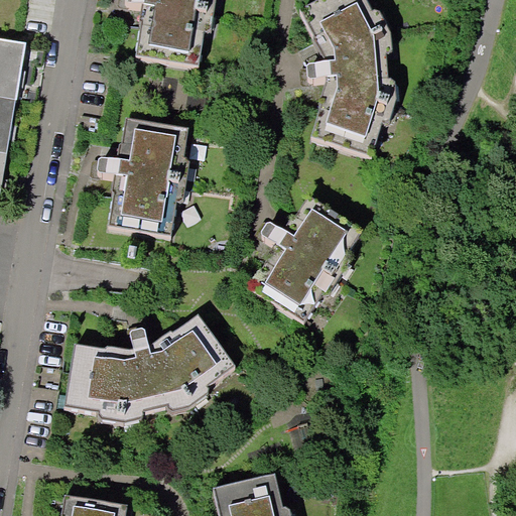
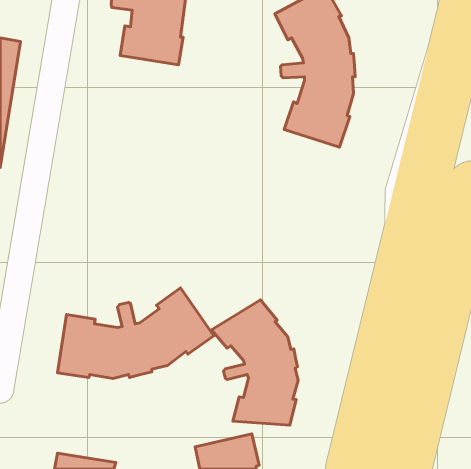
building: [96,122,187,241] -> none
building: [249,199,362,328] -> none
building: none -> [211,300,298,425]

